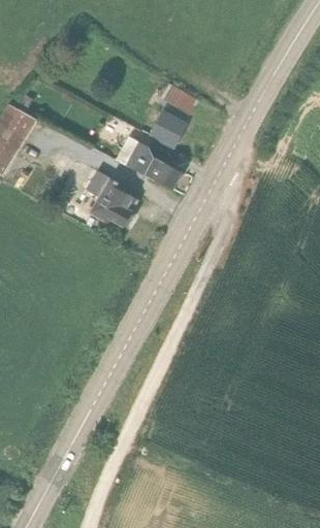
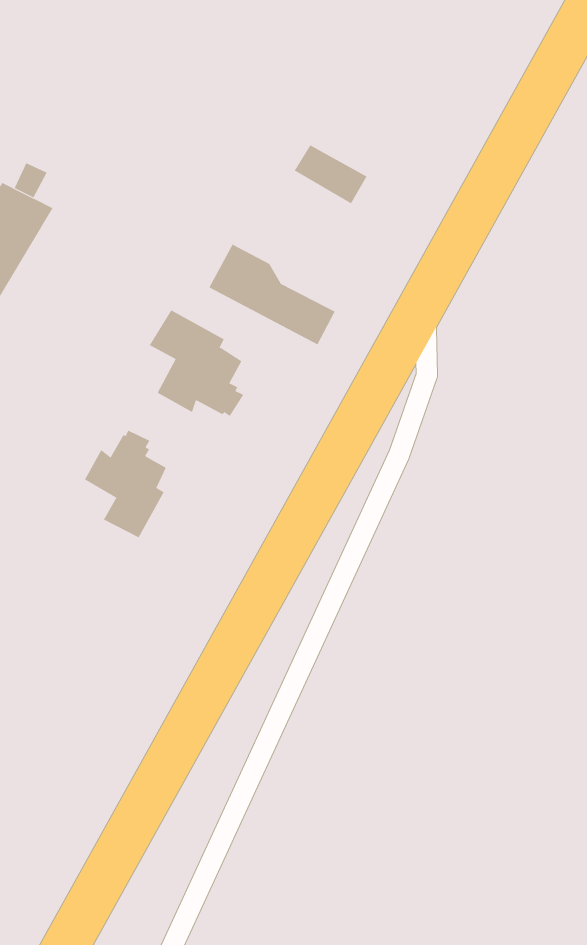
building: [150,111,186,146] -> none
building: none -> [84,430,167,538]

